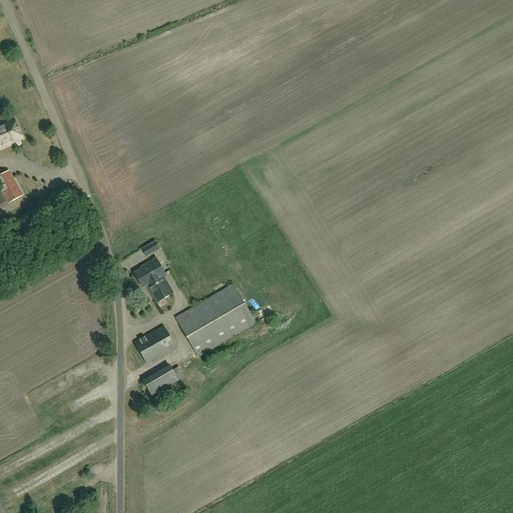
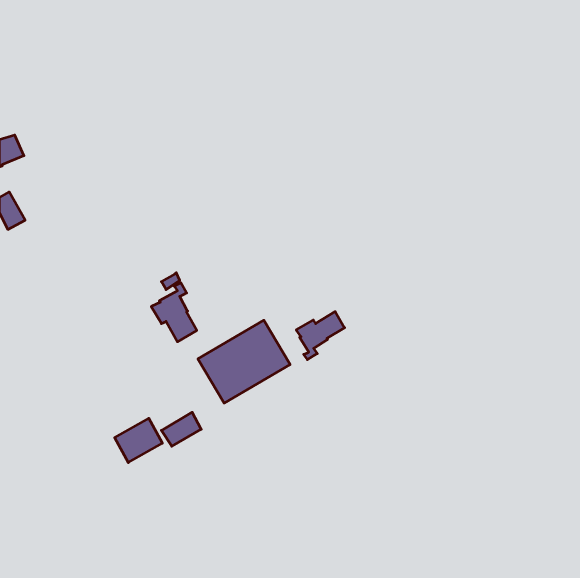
building: none -> [296,312,345,360]
building: [134,324,176,363] -> [115,418,162,463]

